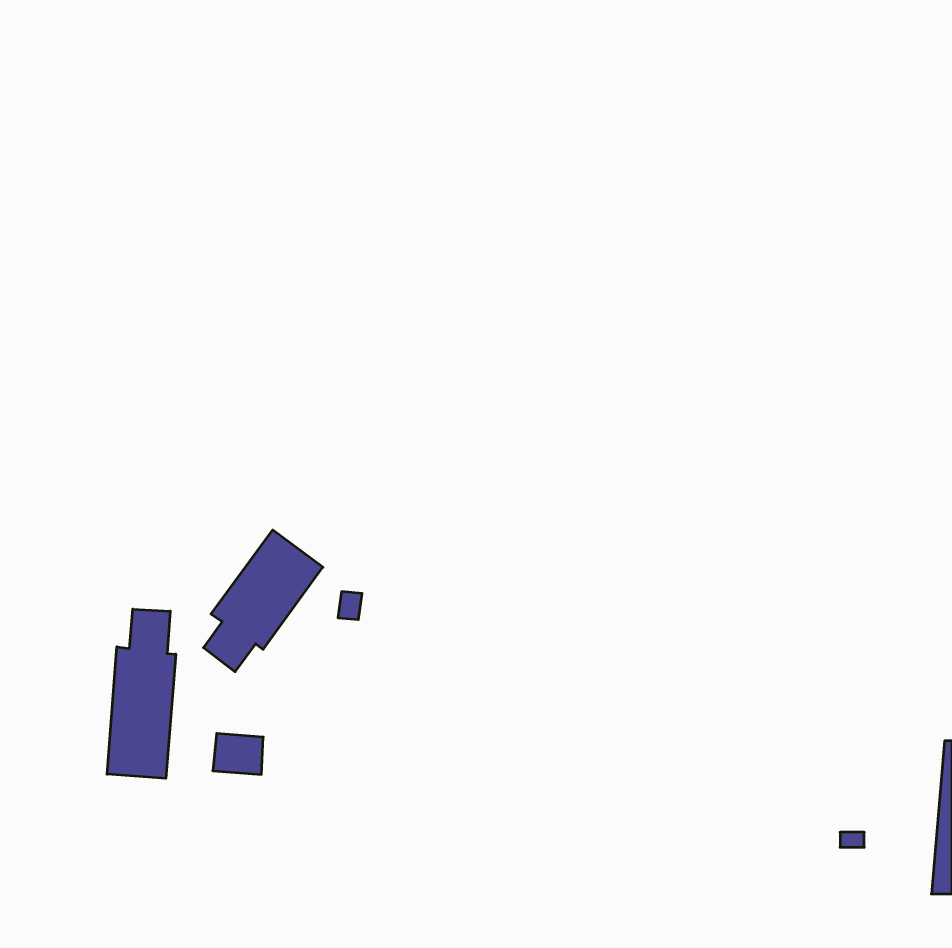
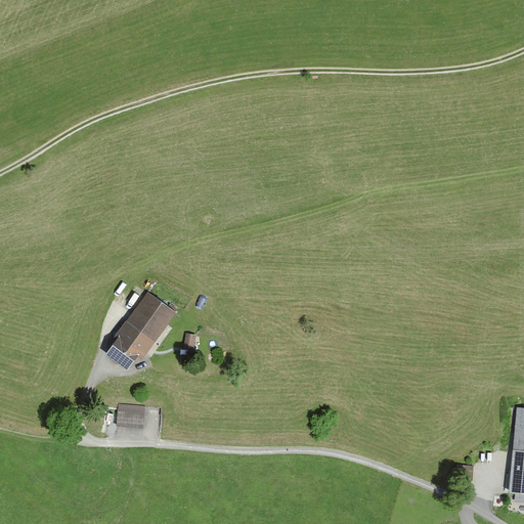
building: [107,609,176,778] -> none

